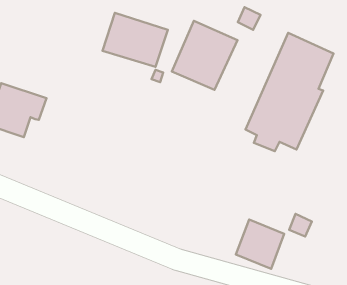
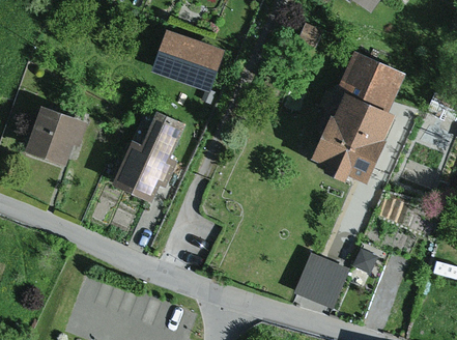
building: [172,21,237,90] -> none
building: none -> [109,111,181,202]

